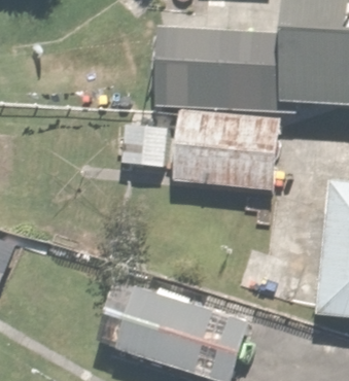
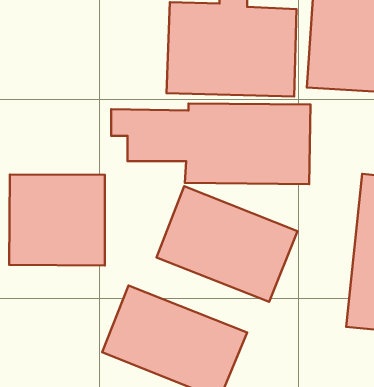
building: none -> [9,175,105,266]
building: none -> [157,186,297,302]

